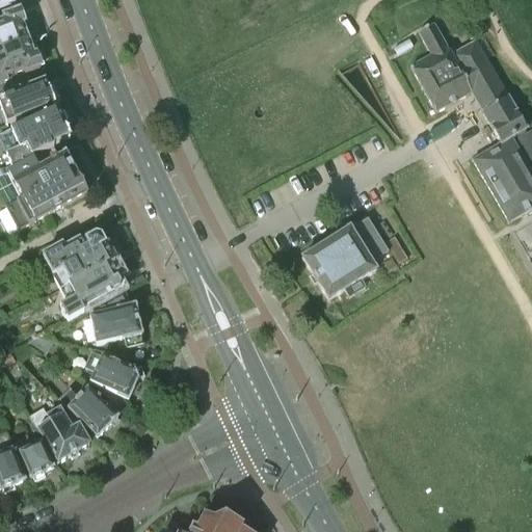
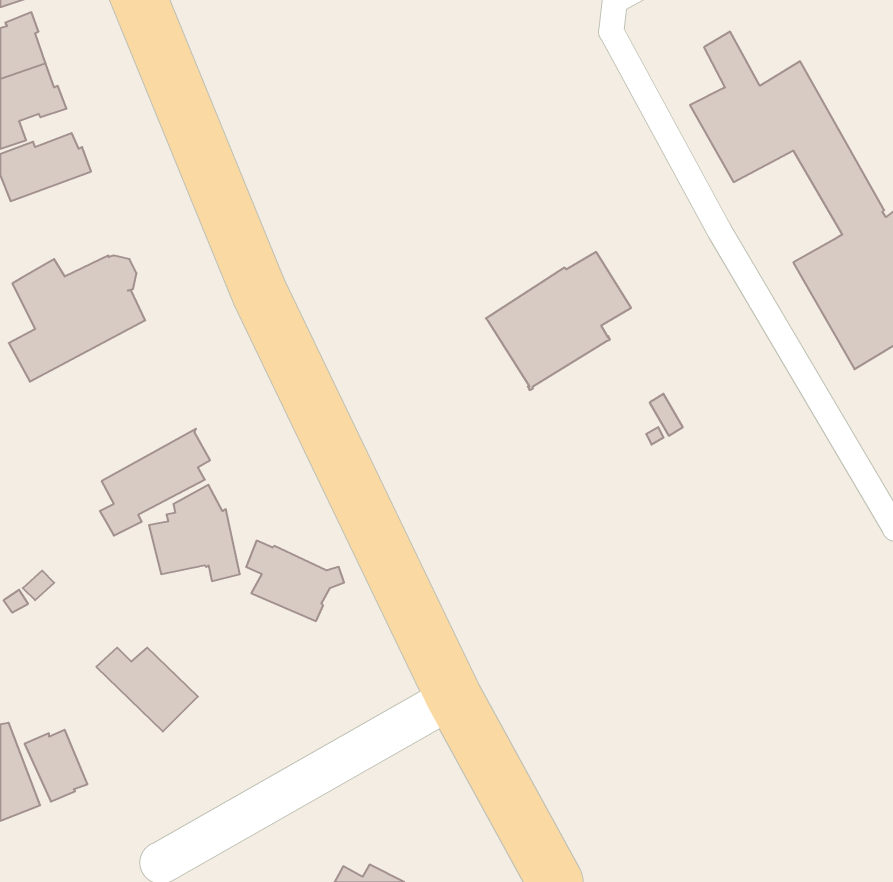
building: [6,106,69,165] -> none
building: [302,215,389,297] -> [486,252,631,390]
building: [43,232,118,286] -> none
building: [86,348,144,396] -> [246,541,344,621]
building: [29,403,90,459] -> none

